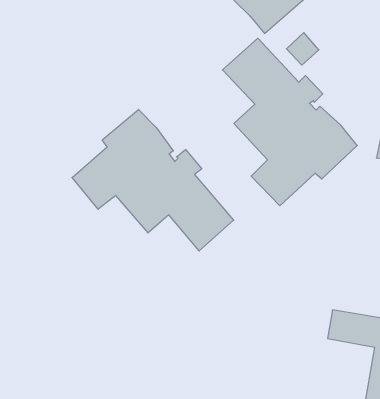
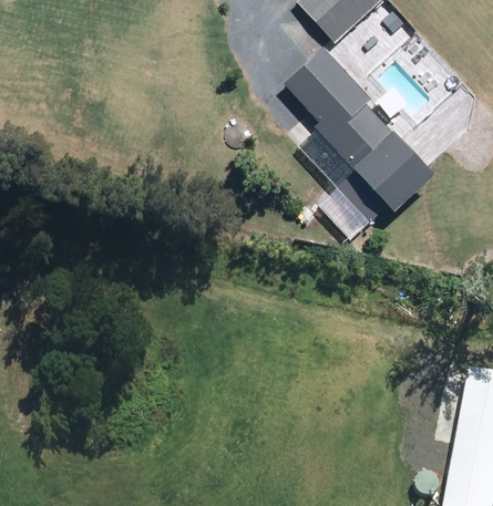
building: [72,109,234,251] -> none

